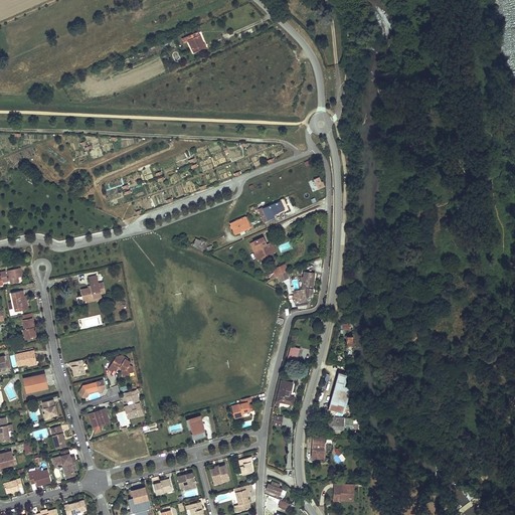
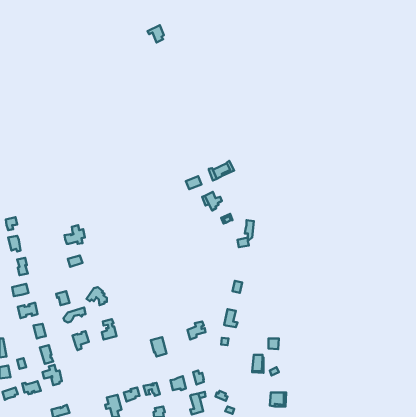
building: [327,372,350,412] -> none

